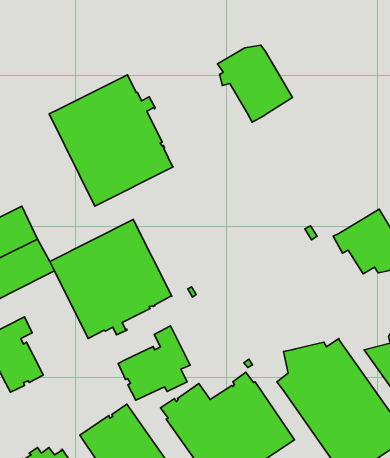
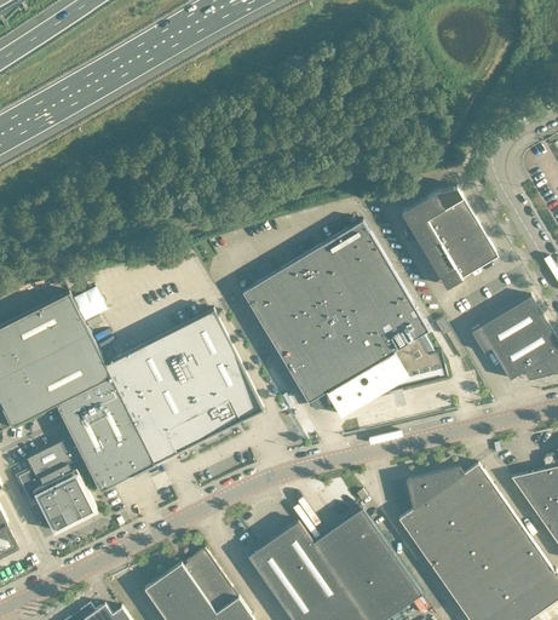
building: [218,45,293,122] -> [401,189,497,288]
building: [49,75,173,206] -> none
building: none -> [242,220,447,413]
building: none -> [56,377,155,490]
building: [118,326,190,400] -> none

